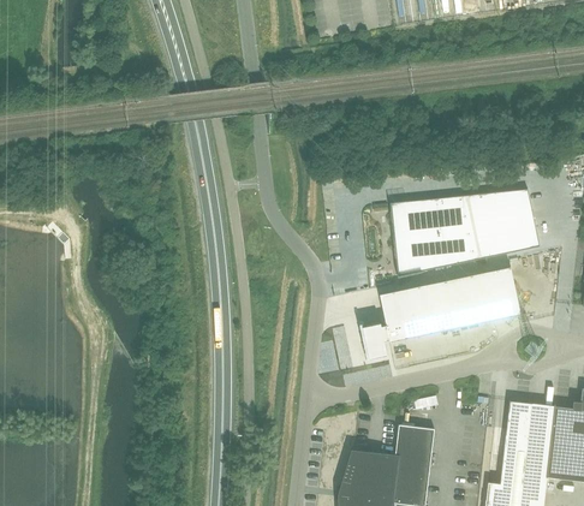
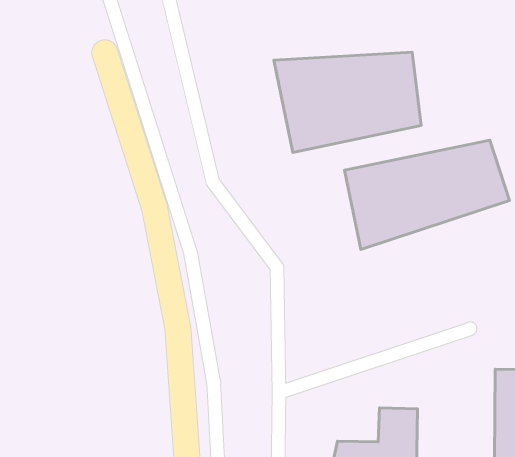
building: none -> [274,52,421,152]
building: [362,267,520,359] -> none

